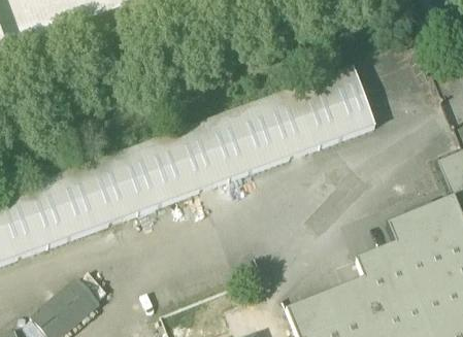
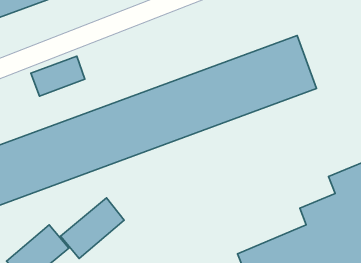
building: none -> [31,56,85,96]
building: none -> [60,198,124,259]

